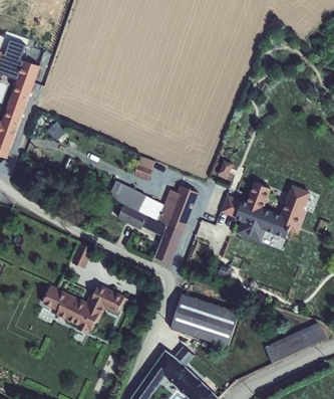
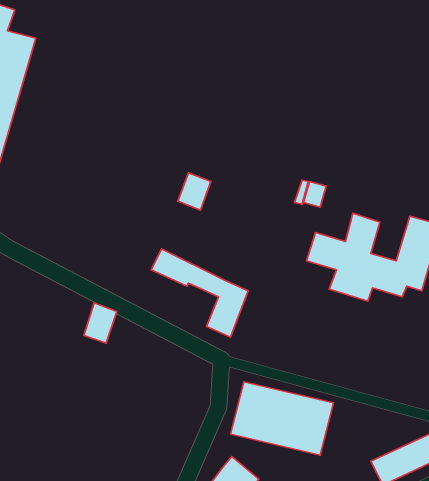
building: [107,181,198,233] -> none
building: [42,284,129,335] -> none

